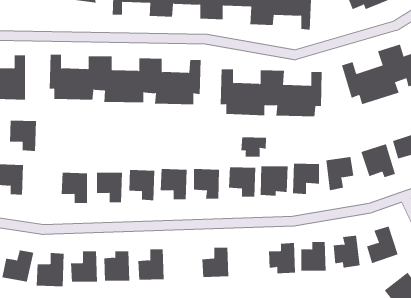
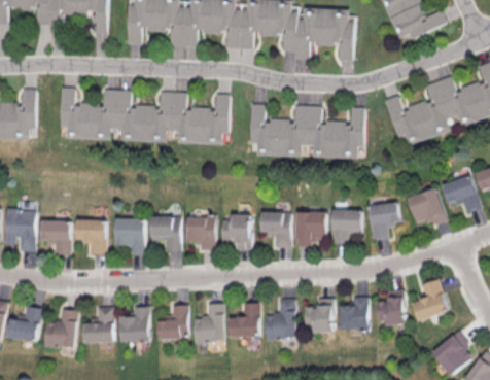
building: [9,120,37,151] -> [37,219,68,254]
building: [241,136,267,158] -> none
building: none -> [266,299,296,339]
building: none -> [195,303,225,342]

